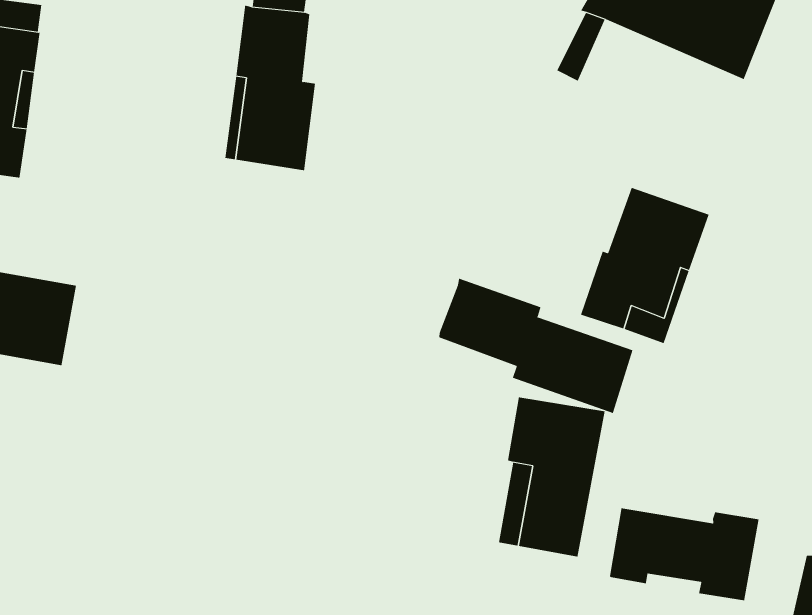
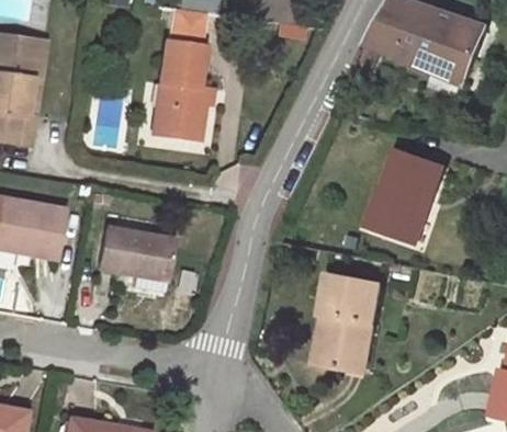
building: [439,278,633,414] -> none
building: none -> [98,226,173,291]
building: [609,508,759,601] -> none

